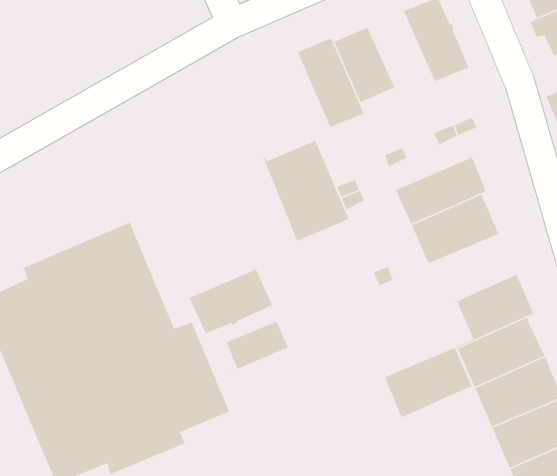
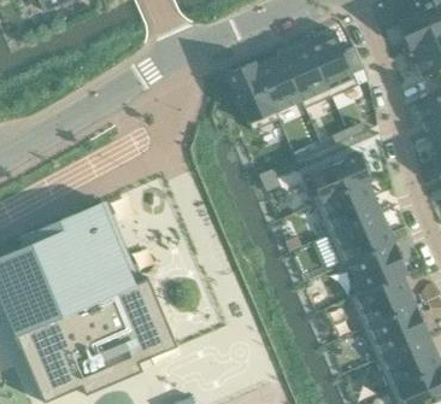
building: none -> [281,42,331,109]
building: [262,140,350,242] -> none
building: [189,269,273,334] -> none
building: [217,320,292,374] -> none
building: [384,347,473,418] -> [327,212,394,267]

